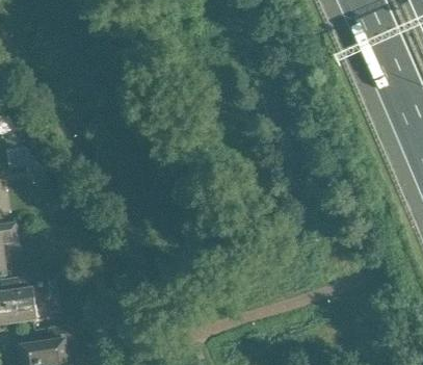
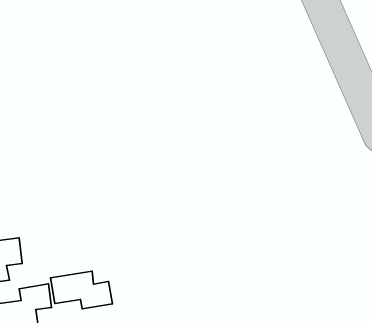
building: none -> [50,271,113,309]

